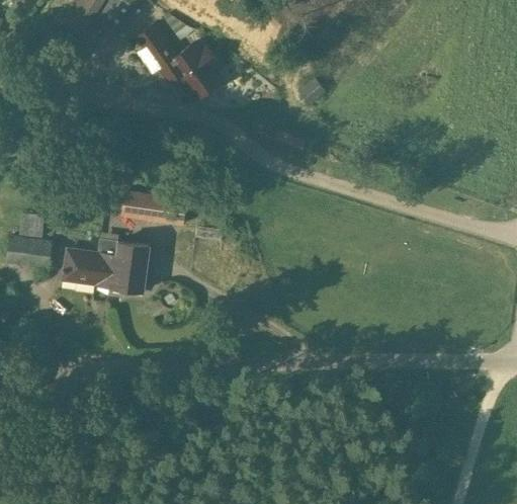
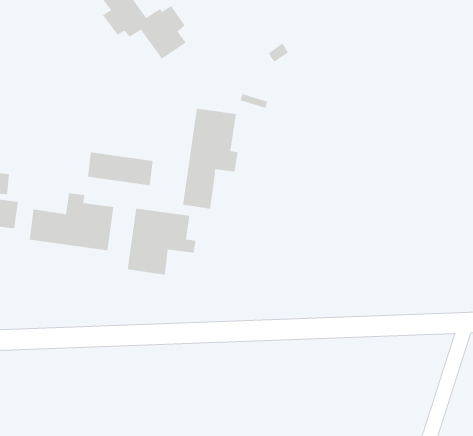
building: none -> [183,108,238,210]
building: none -> [127,208,196,275]

